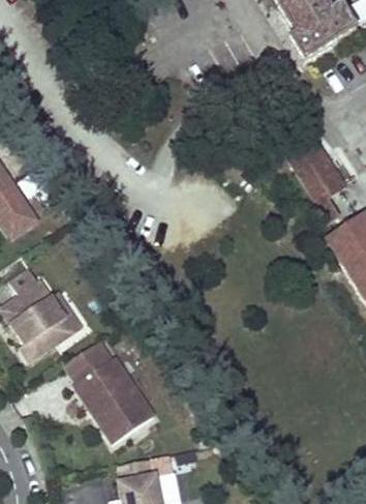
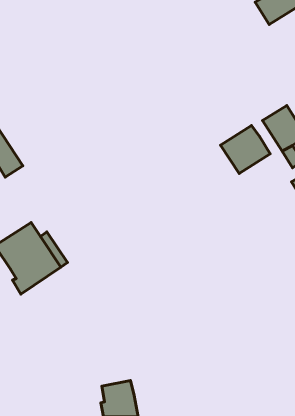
building: none -> [221,126,270,174]
building: [64,338,153,441] -> none

